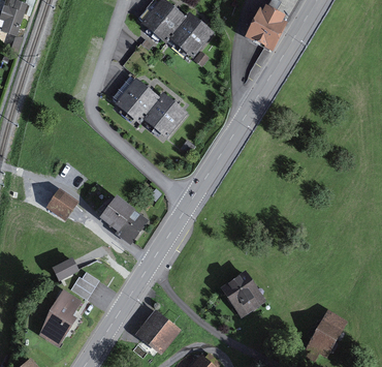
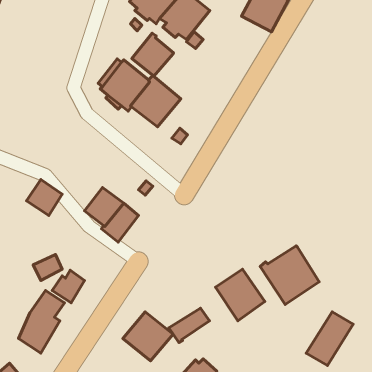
building: none -> [132,33,174,76]
building: none -> [260,246,319,304]
building: none -> [169,308,210,343]

